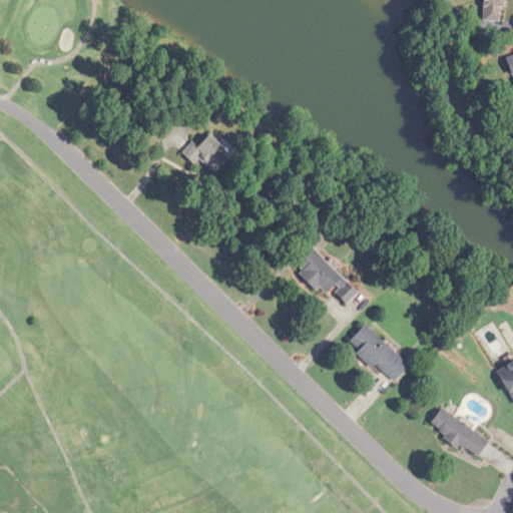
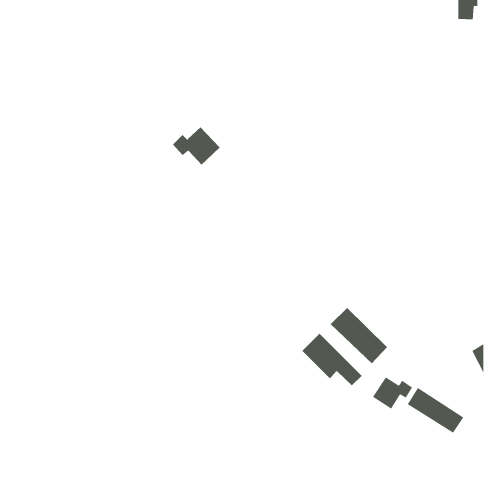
building: [294,246,358,303] -> [302,333,362,386]
building: none -> [372,376,413,409]

